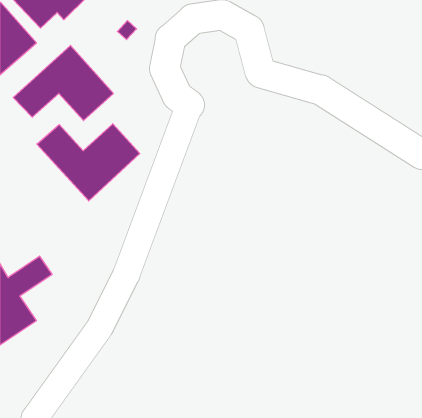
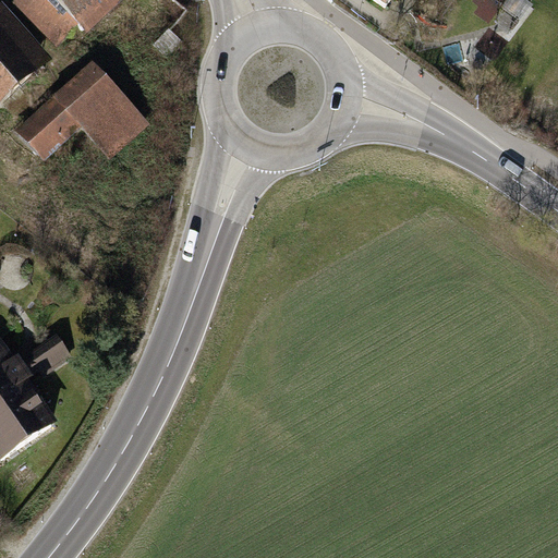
building: [37,124,140,201] -> none

